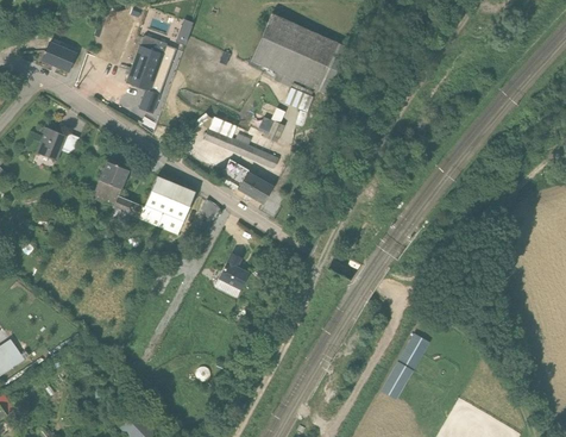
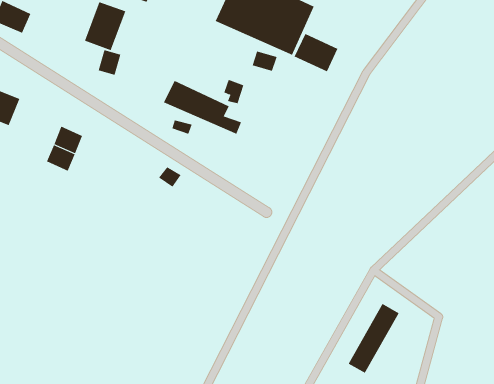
building: none -> [294,33,338,72]
building: [238,173,272,204] -> none
building: [113,177,194,237] -> none
building: [219,254,249,291] -> none

